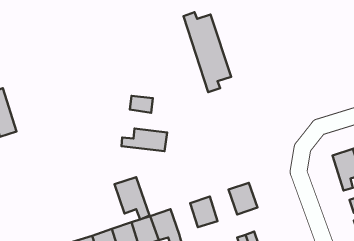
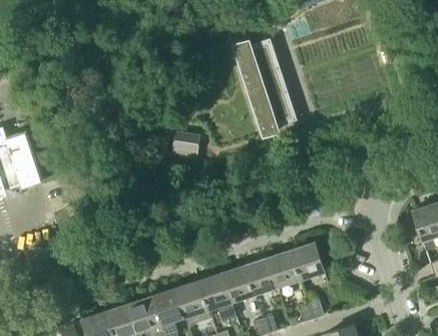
building: [121,128,167,151] -> none
building: [115,177,150,219] -> none
building: none -> [267,250,299,287]
building: none -> [221,266,253,302]

